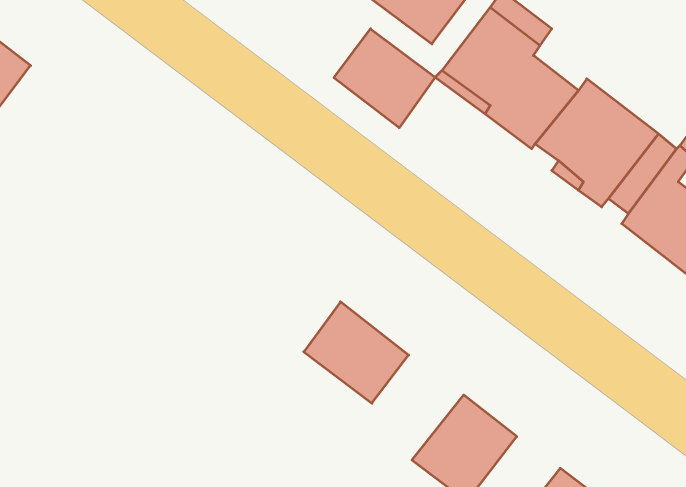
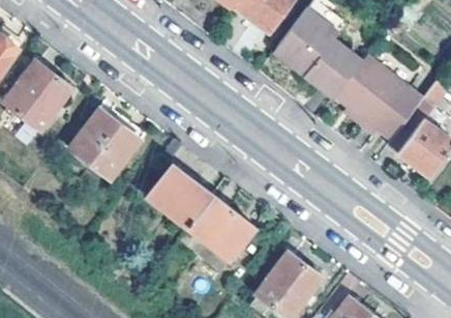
building: [334,29,435,128] -> none
building: none -> [5,61,72,129]
building: none -> [71,110,141,179]
building: none -> [148,165,212,227]

